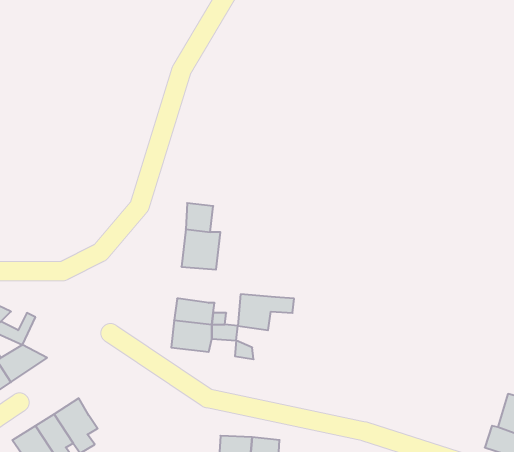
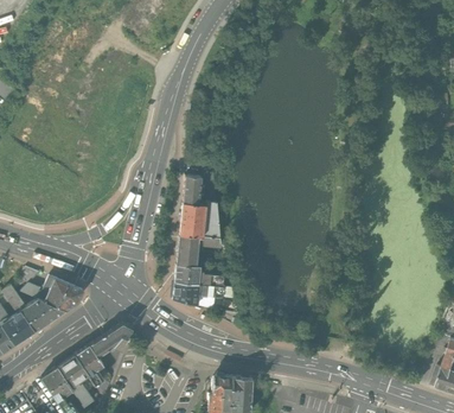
building: [238,294,294,330] -> [175,235,222,265]
building: none -> [47,277,89,310]
building: none -> [94,323,138,357]

